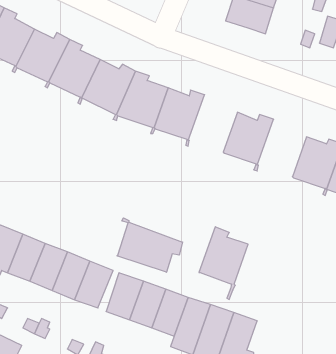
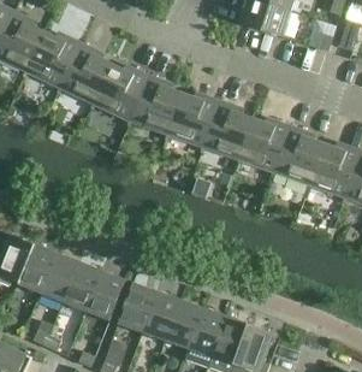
building: none -> [203,99,254,164]
building: [117,218,183,272] -> none
building: [199,227,248,299] -> [274,124,325,199]

